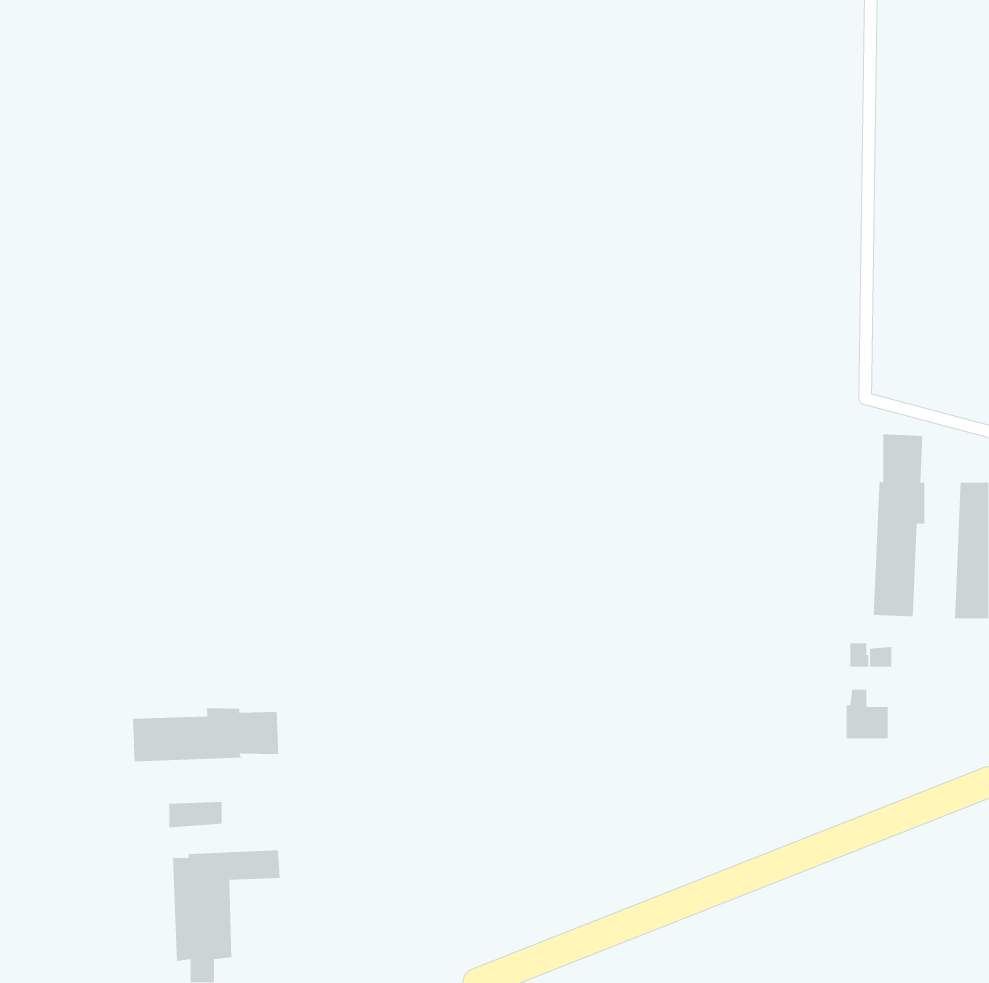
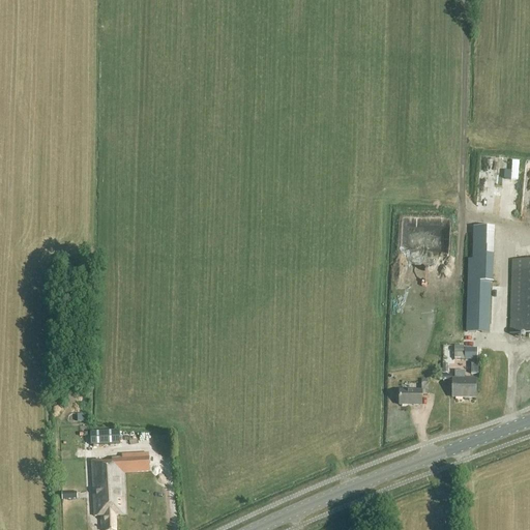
building: [132,707,279,762] -> none
building: none -> [400,381,429,404]

